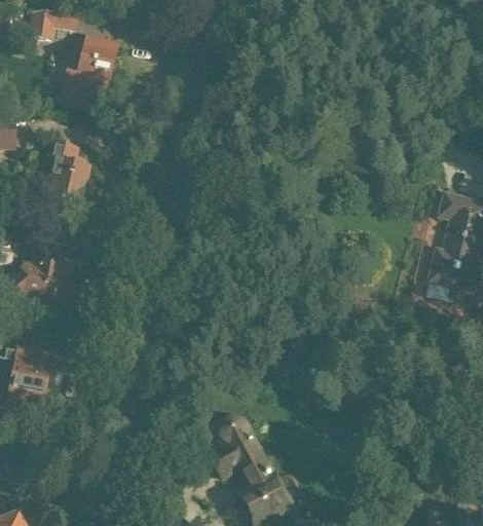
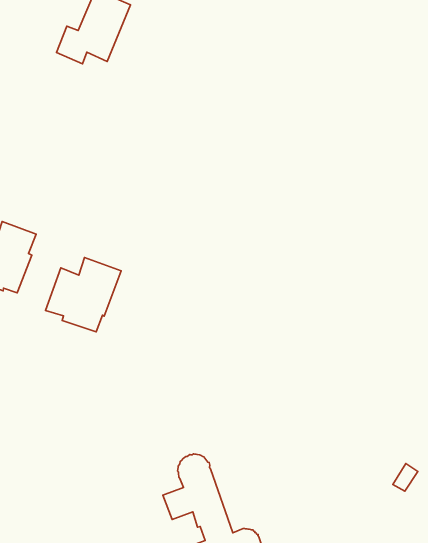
building: [46,144,86,200] -> none
building: none -> [46,258,121,332]

